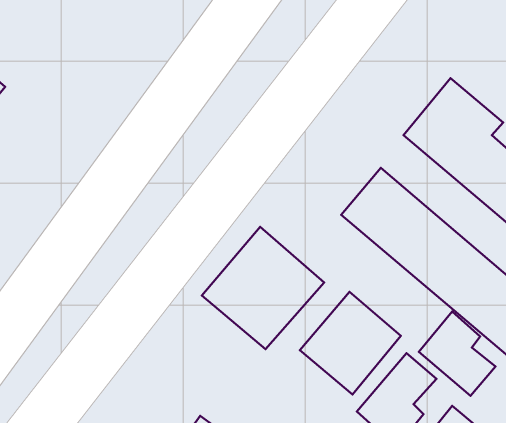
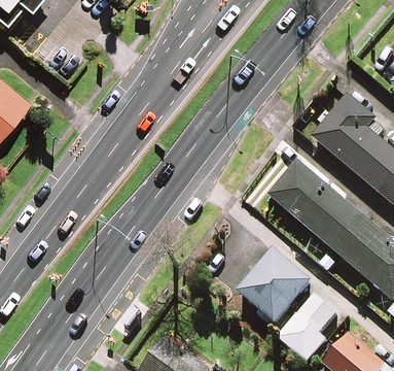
building: [202,227,324,349] -> none
building: [419,311,496,396] -> none

